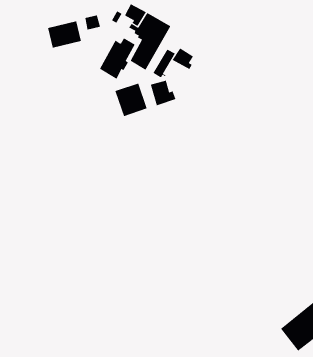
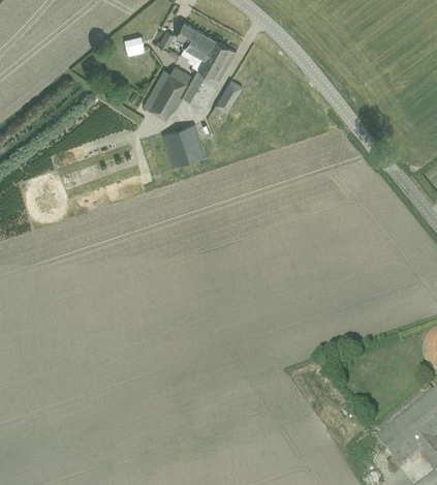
building: [48,21,82,49] -> none
building: [172,48,194,70] -> none
building: [150,80,176,106] -> none

